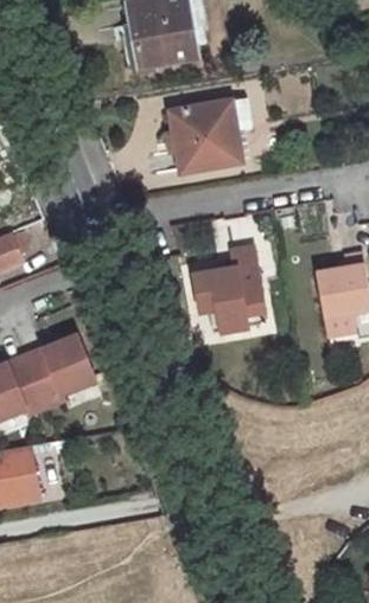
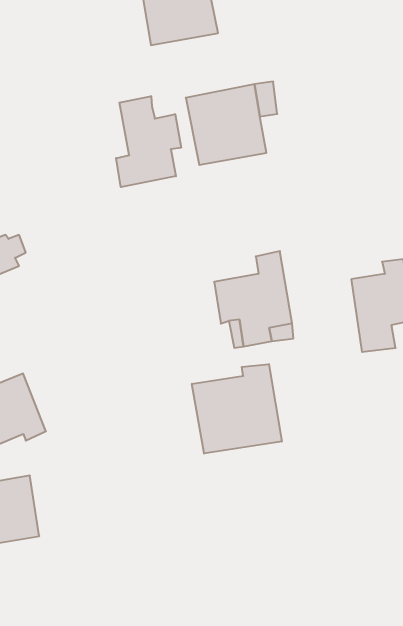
building: none -> [116,96,181,187]
building: [25,334,96,406] -> none
building: none -> [192,364,282,454]

